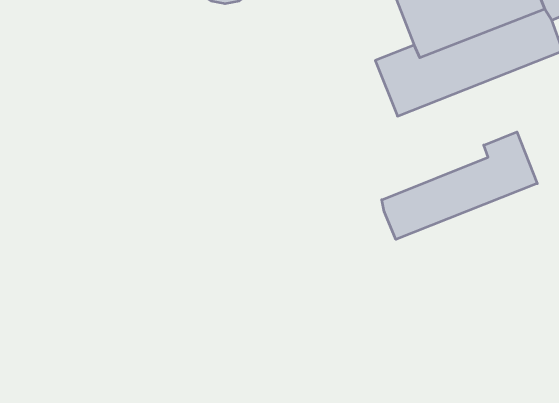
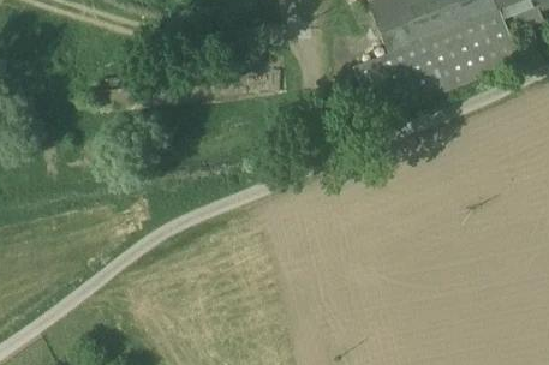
building: [382,132,537,239] -> none

